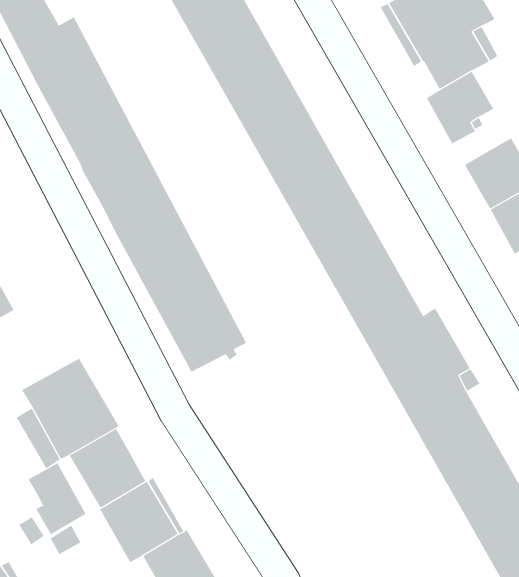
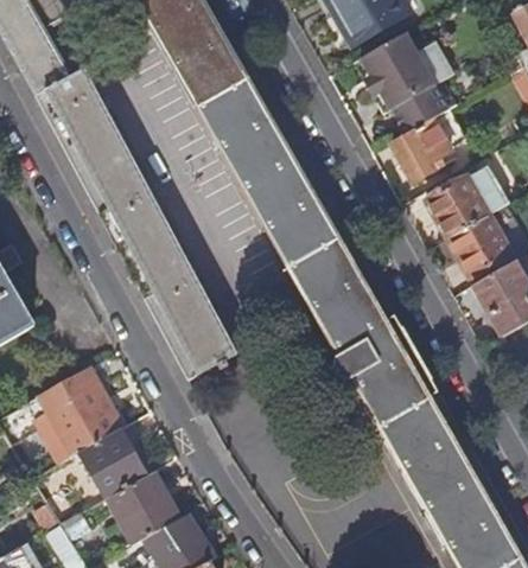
building: [28,462,86,535] -> none

